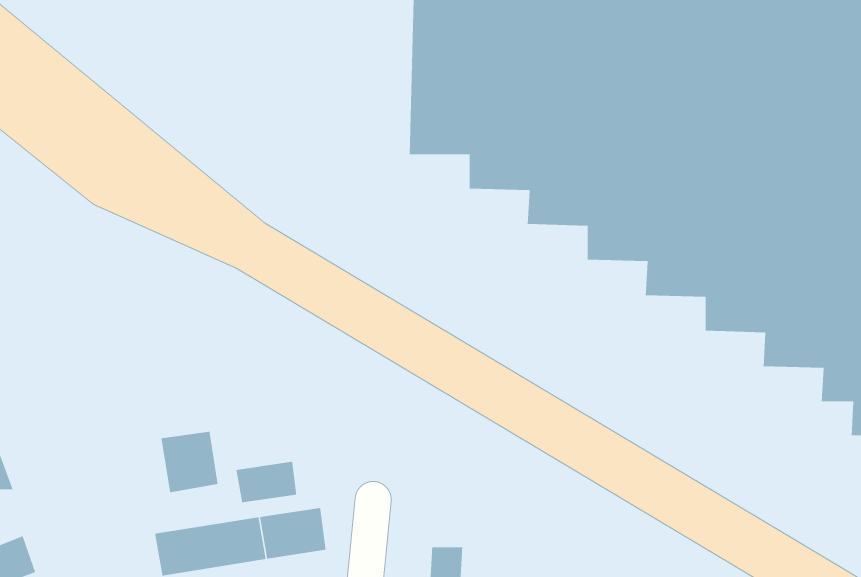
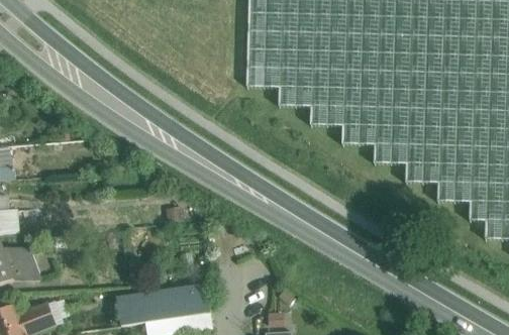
building: [161,431,219,493] -> none
building: [235,461,297,503] -> none

